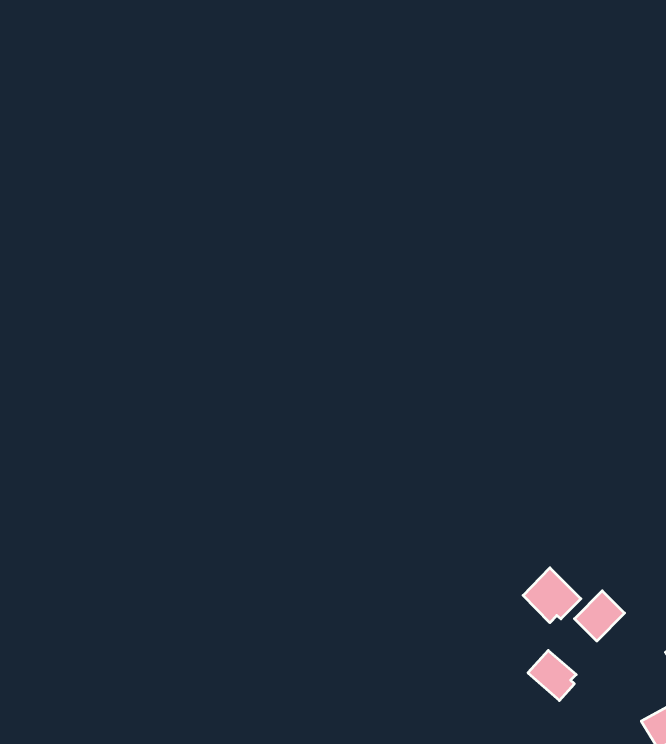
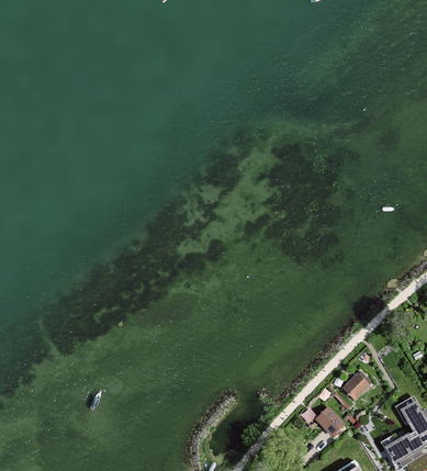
building: [523,568,581,623] -> none

